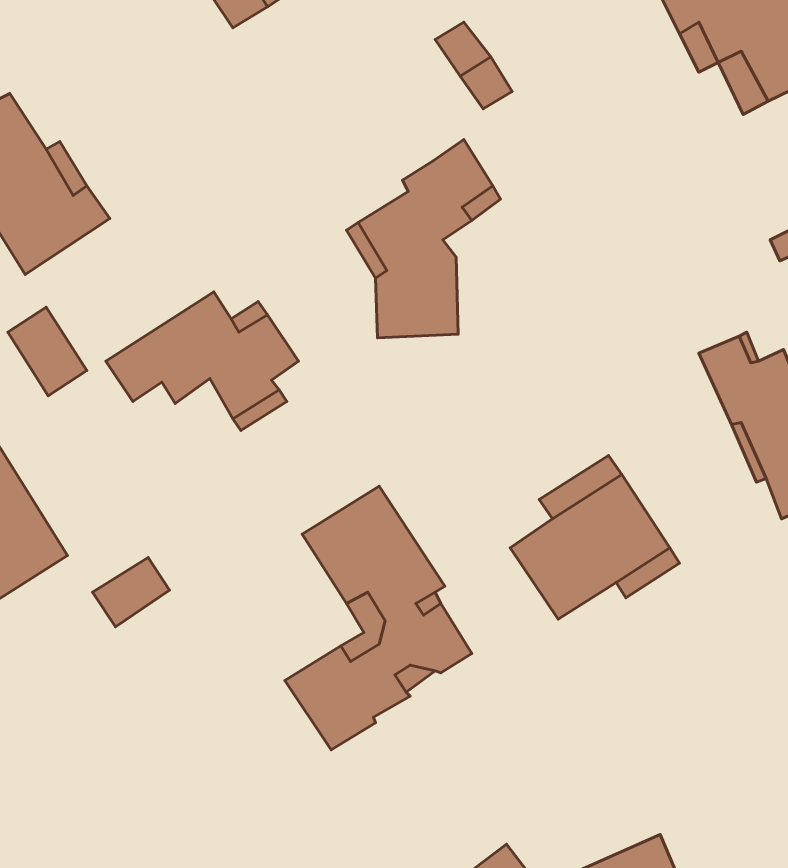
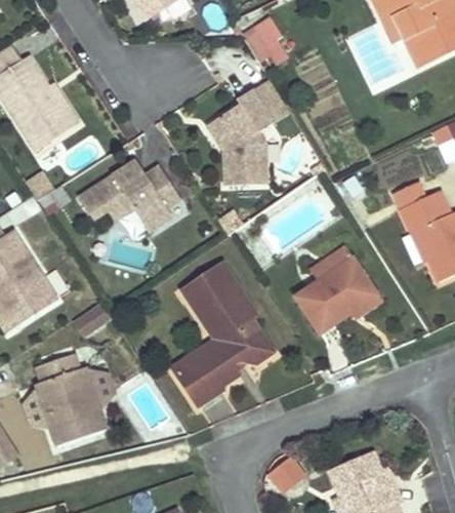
building: none -> [32,355,110,448]

